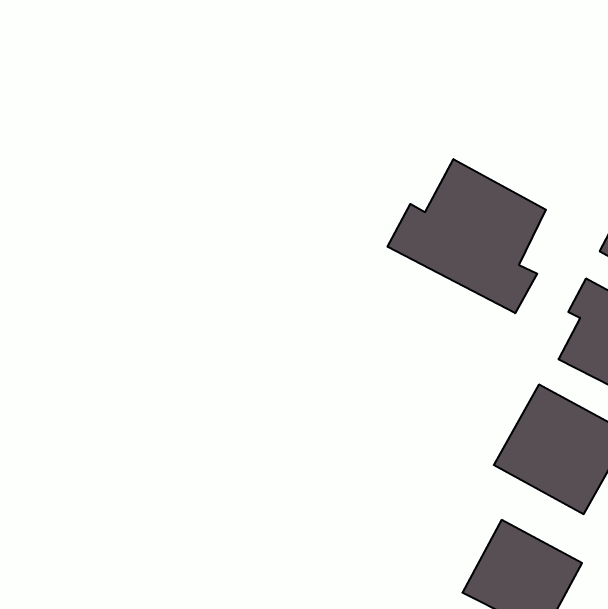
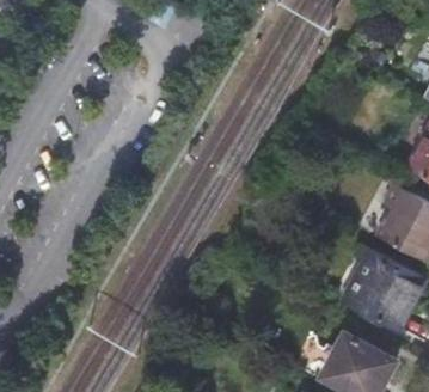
building: [388,159,546,313] -> none

